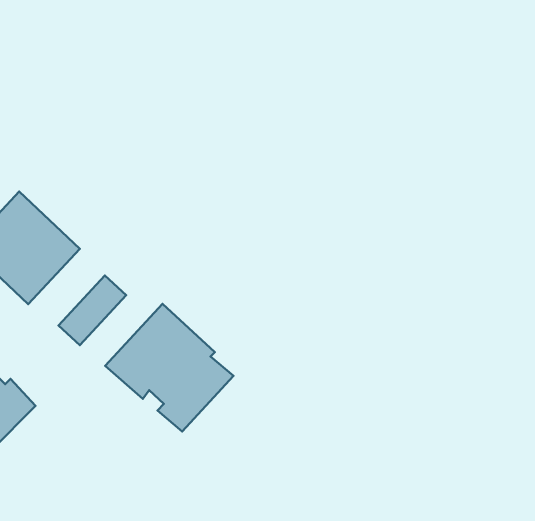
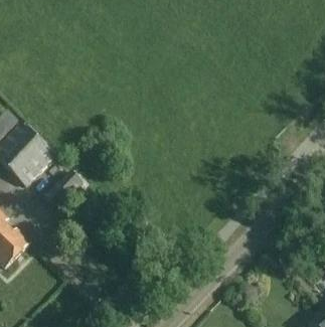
building: [105,304,234,431] -> none

